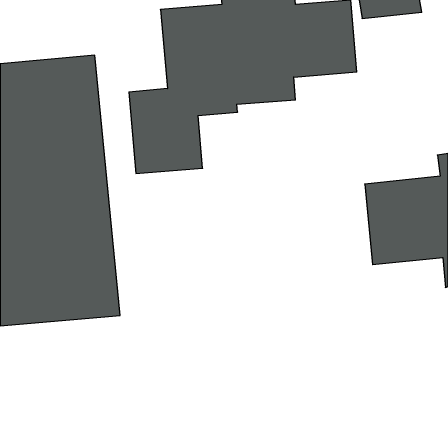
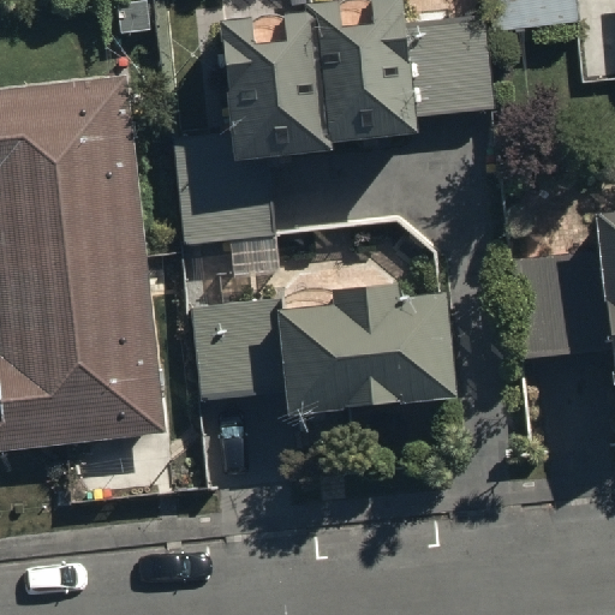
building: none -> [190,283,452,422]

